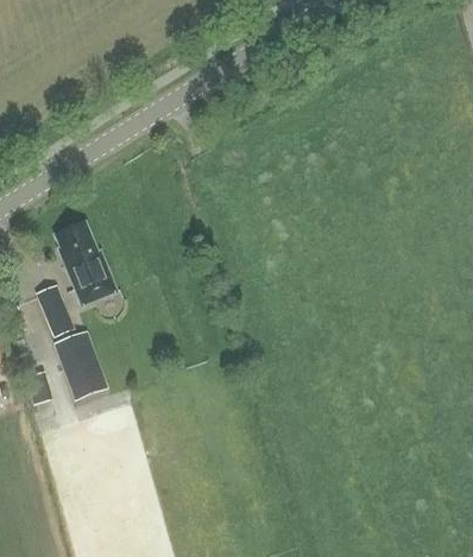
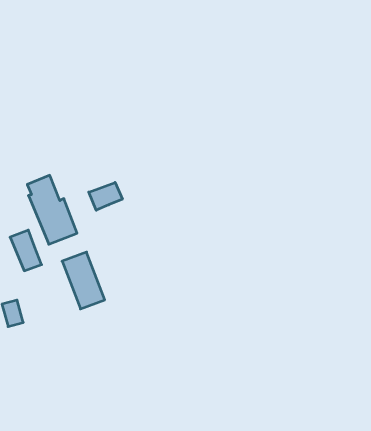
building: none -> [89,182,122,210]
building: [55,333,105,399] -> [62,252,105,309]

